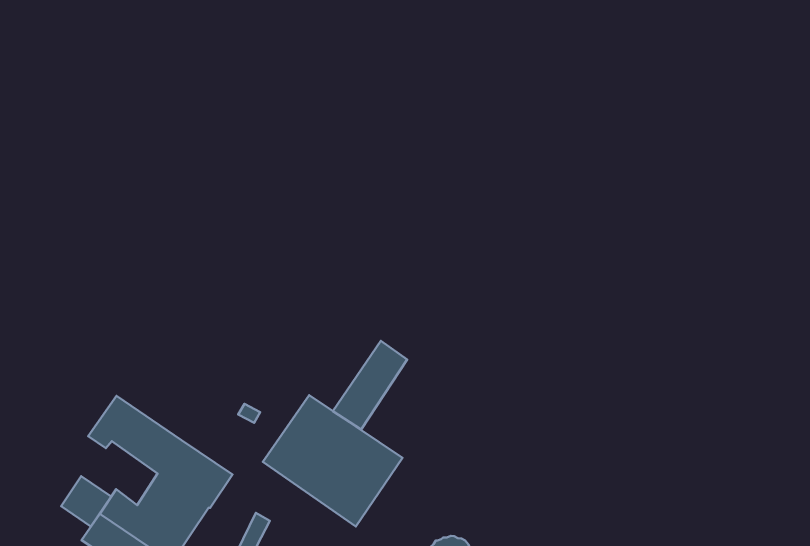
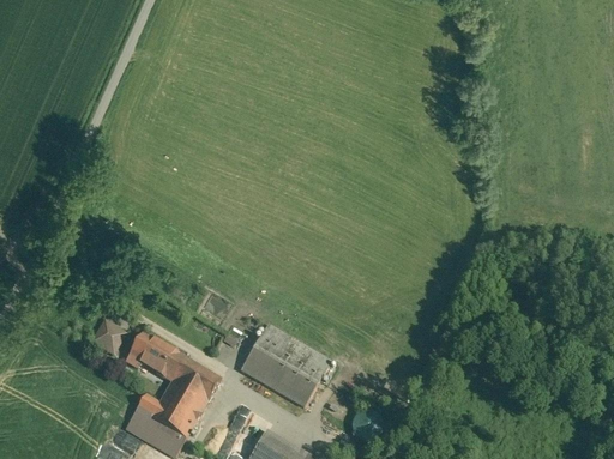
building: [333,341,407,429] -> none
building: [61,476,111,526] -> [92,320,125,352]

